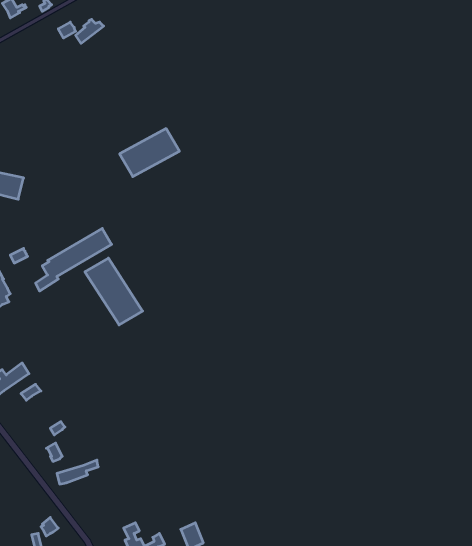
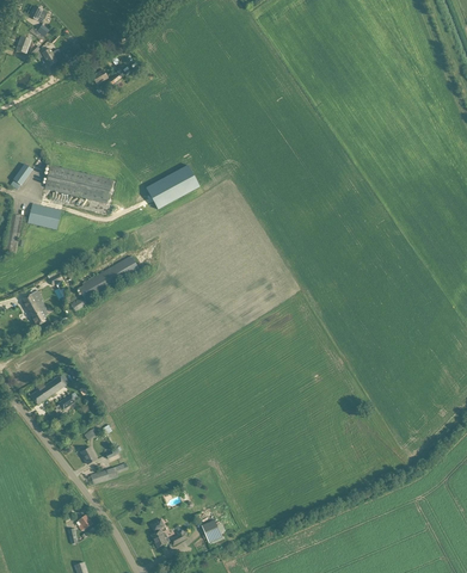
building: none -> [45,165,112,202]
building: [85,258,143,325] -> none

